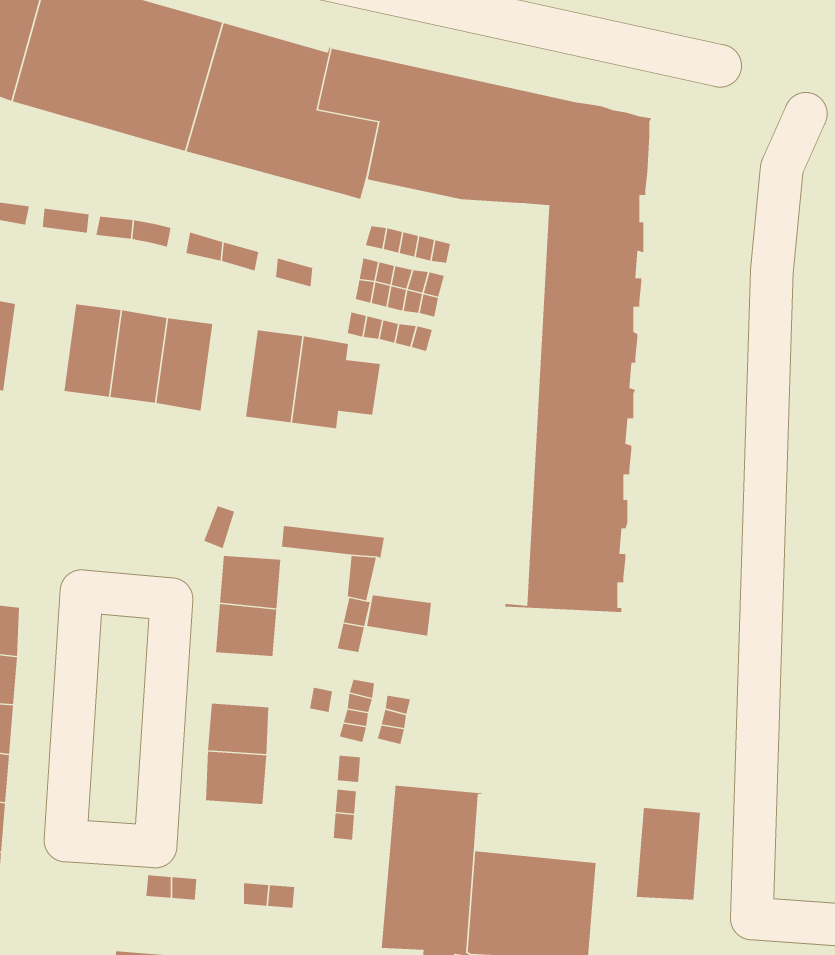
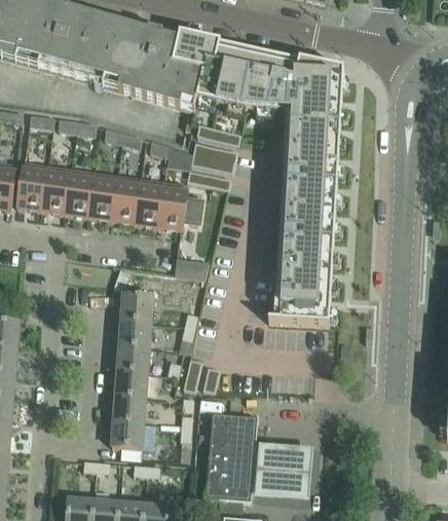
building: none -> [16,161,46,210]
building: none -> [111,175,140,223]
building: [366,595,432,636] -> [173,257,207,278]
building: none -> [116,344,148,372]
building: none -> [111,420,143,447]
building: [636,807,701,901] -> none

